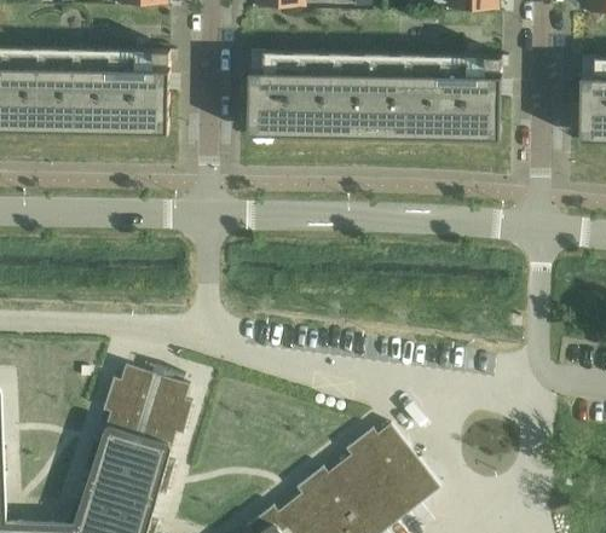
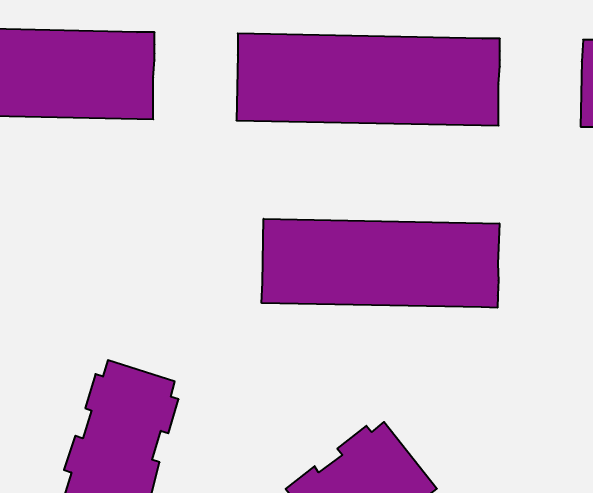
building: none -> [262,219,499,308]

